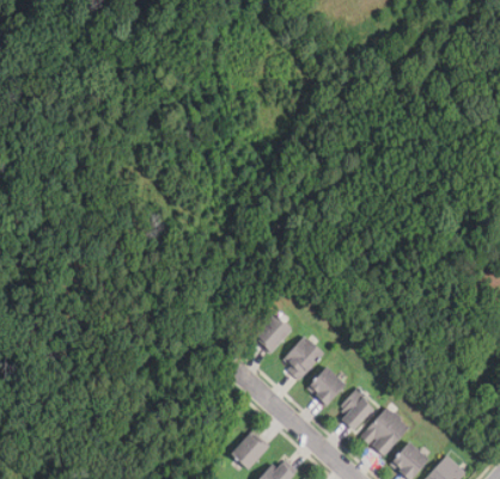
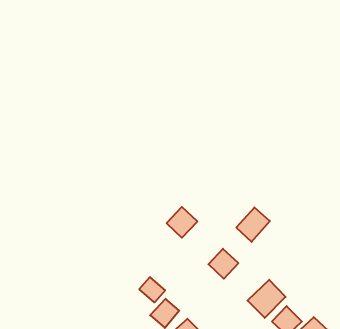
building: [280,334,324,380] -> [236,207,270,242]
building: [335,388,376,429] -> none
building: none -> [139,277,165,302]

